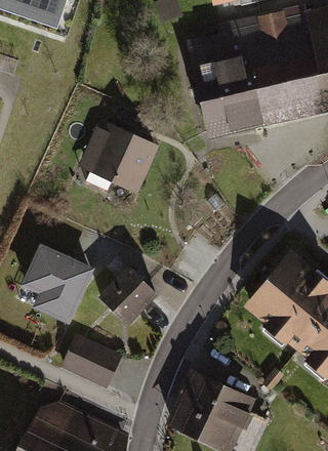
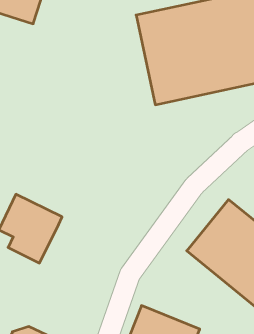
building: [78,122,155,192] -> none
building: [97,266,157,325] -> none
building: [60,333,119,385] -> none

